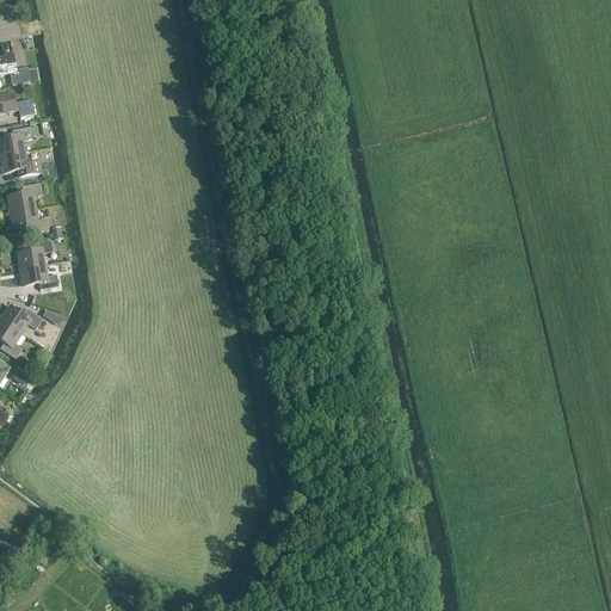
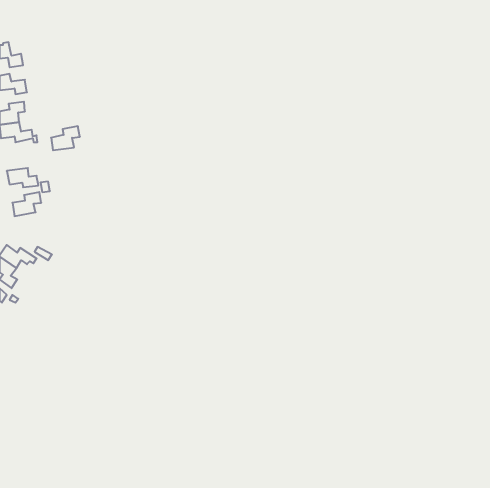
building: [6,183,42,212] -> [51,126,80,150]
building: [18,264,57,290] -> none

